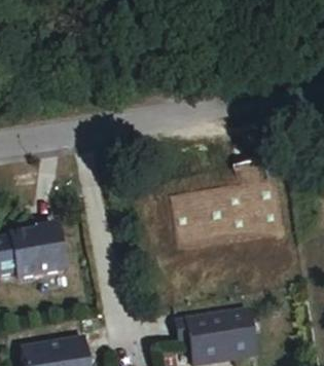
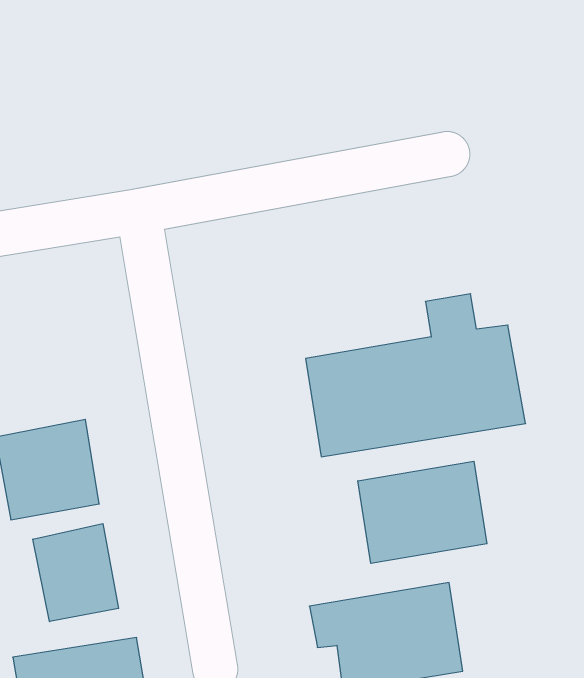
building: none -> [358,461,487,563]
building: none -> [33,524,119,622]

